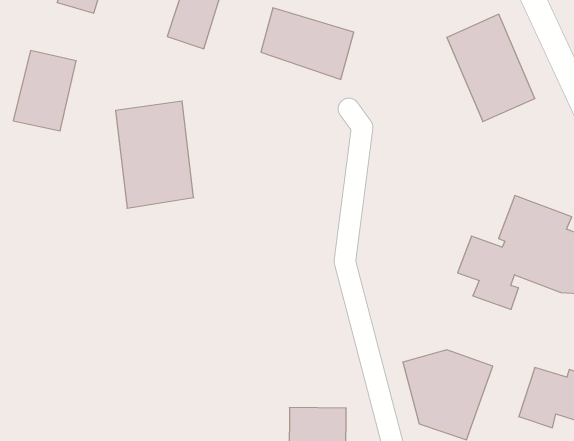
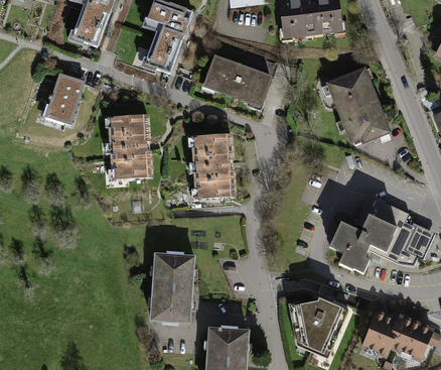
building: none -> [186,131,232,200]
building: none -> [152,257,192,324]

